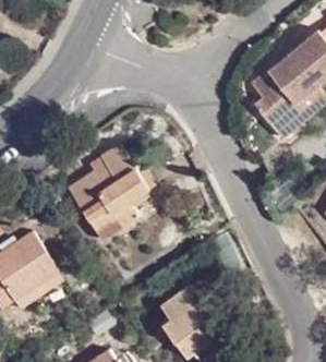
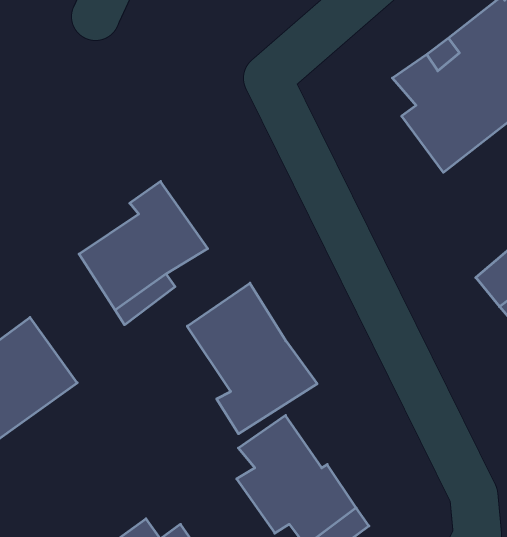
building: none -> [187,283,317,434]

